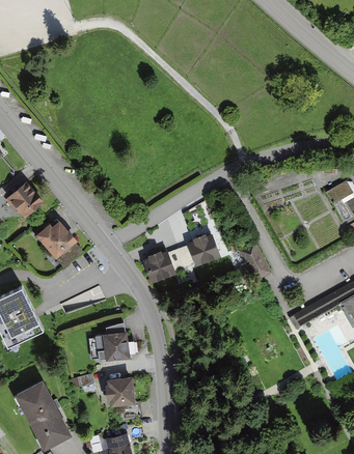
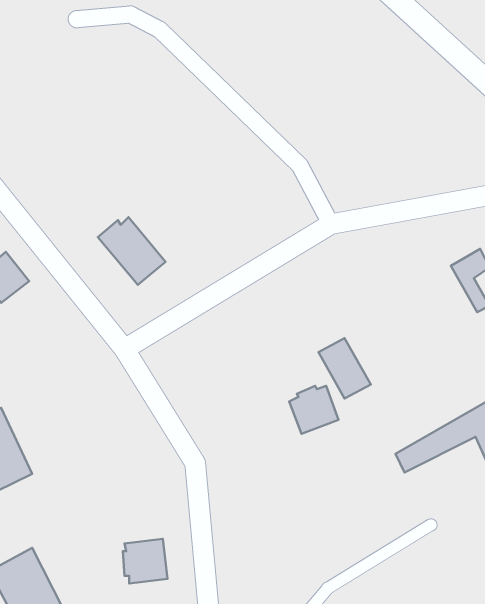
building: [37,222,83,267] -> [98,217,166,285]
building: [187,232,220,264] -> [289,386,338,434]
building: [142,249,176,282] -> none
building: [102,330,130,360] -> none

